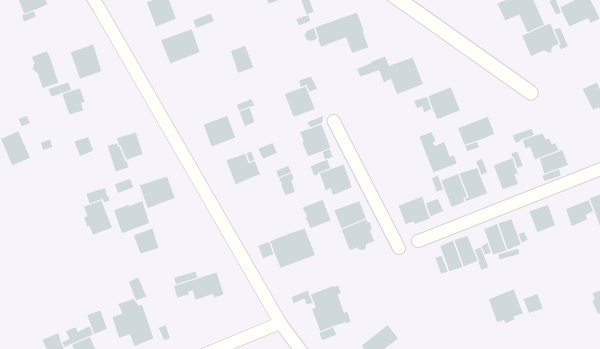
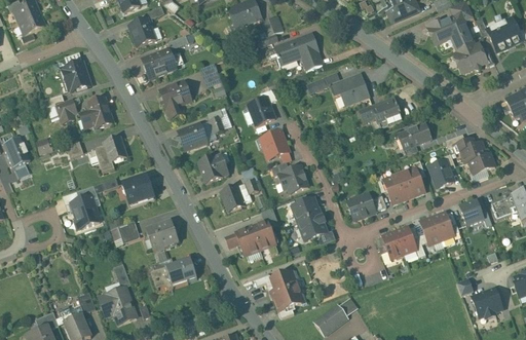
building: [32,50,59,89] -> none
building: none -> [159,82,191,119]
building: none -> [79,98,113,128]
building: [419,131,457,173] -> none
building: [302,199,331,229] -> [220,186,246,212]
building: [113,201,150,234] -> [147,222,179,251]
building: [488,288,524,324] -> [472,288,502,318]

